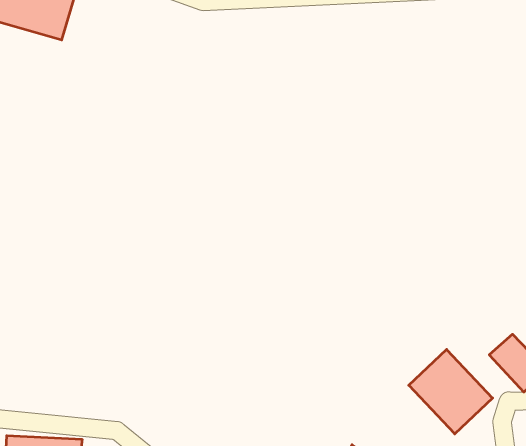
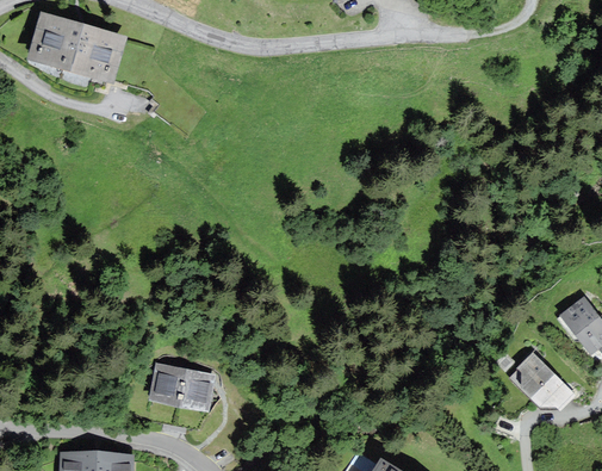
building: none -> [149,366,211,410]
building: [409,349,493,434] -> none

